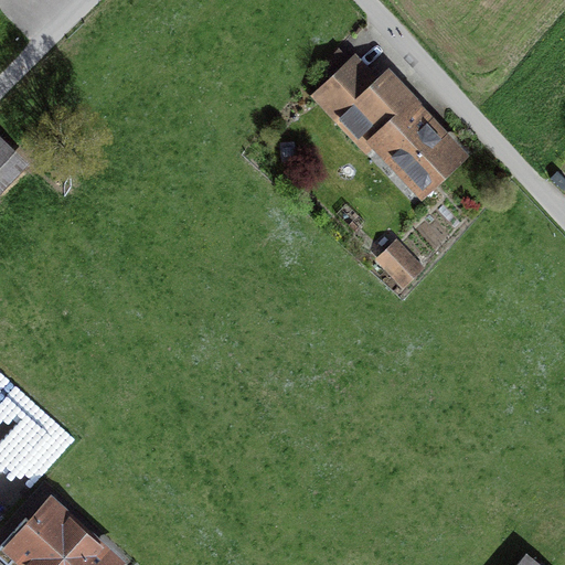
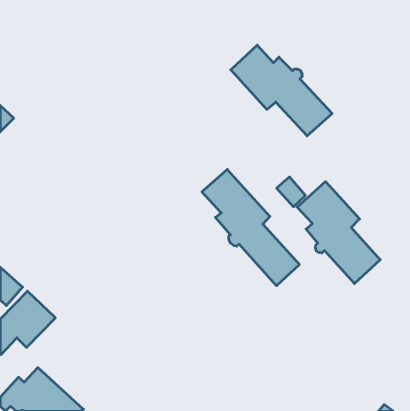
building: none -> [202,169,299,286]
building: none -> [297,182,380,284]

